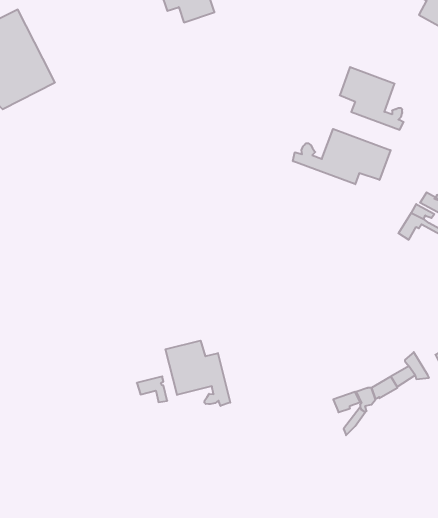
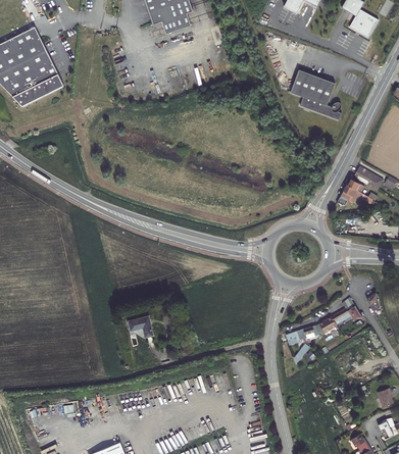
building: [293,129,391,184] -> none
building: [165,341,230,406] -> none

